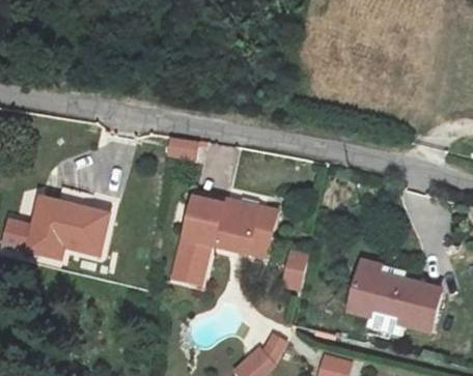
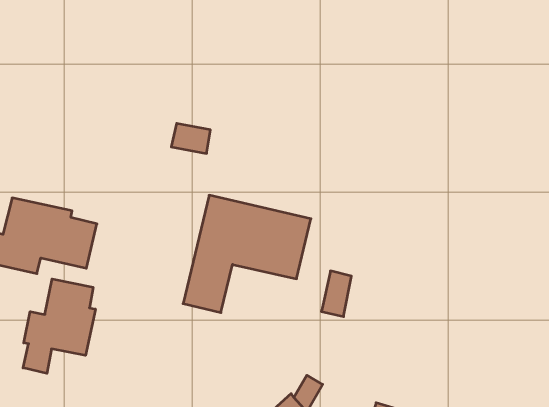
building: none -> [23,279,95,373]
building: [347,261,441,332] -> none

